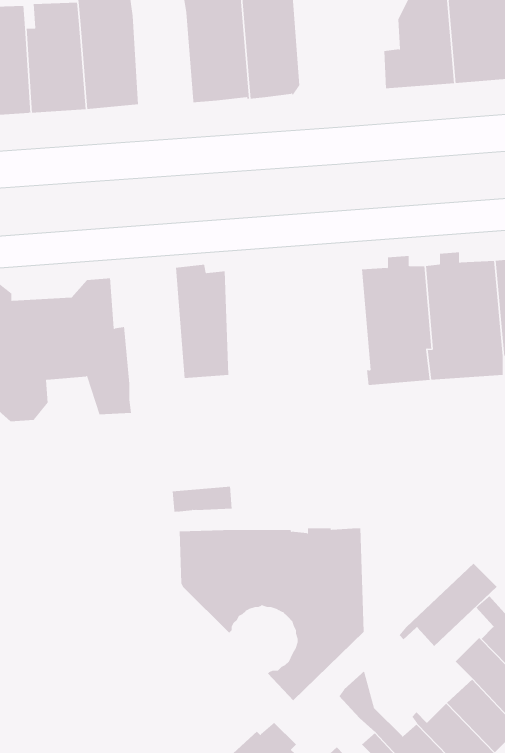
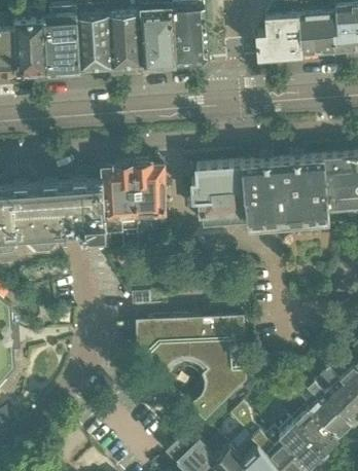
building: none -> [109,13,144,68]
building: none -> [96,165,139,233]
building: none -> [191,166,249,228]
building: [399,563,497,647] -> none

